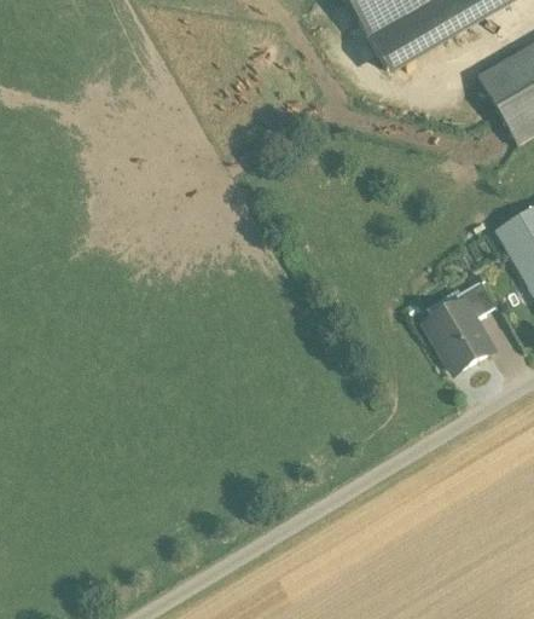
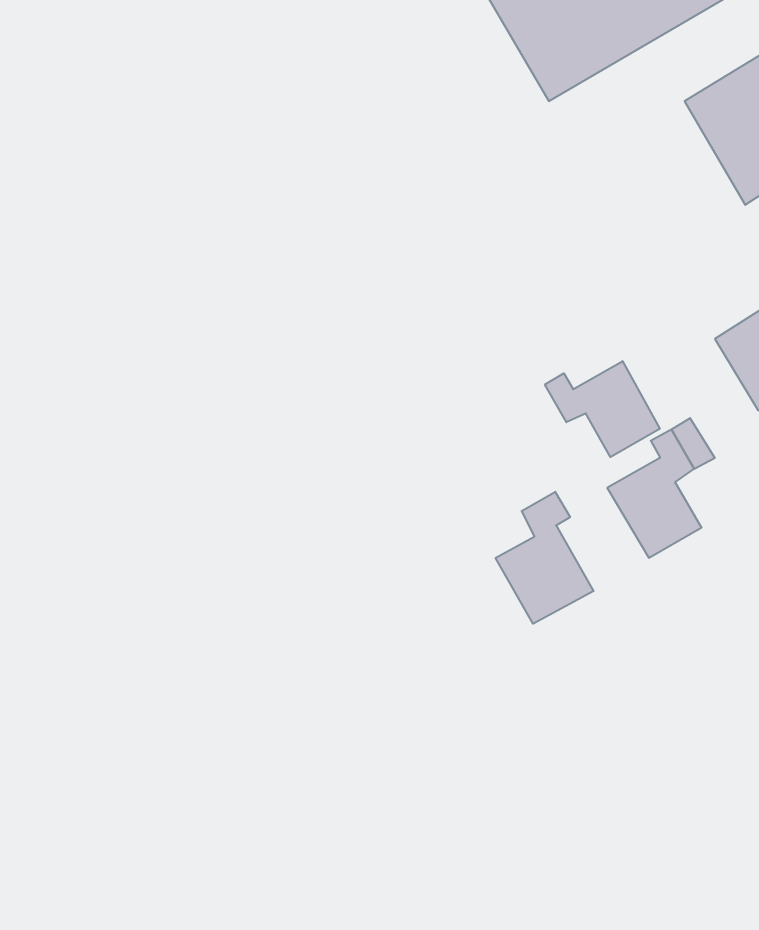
building: none -> [545,361,660,457]
building: none -> [496,492,594,624]

